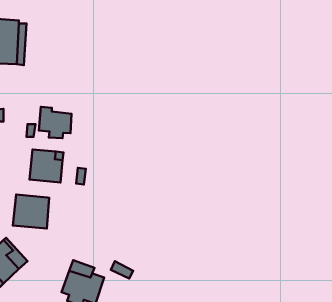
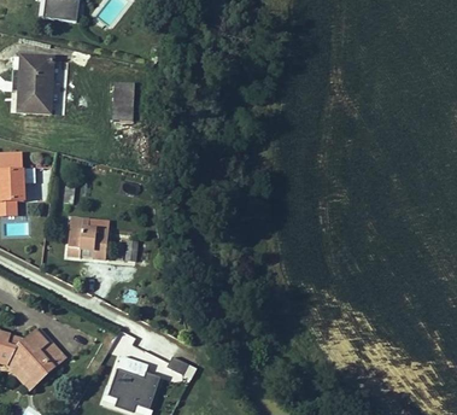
building: none -> [112,81,134,119]
building: [39,107,72,138] -> none
building: [13,195,49,229] -> none

